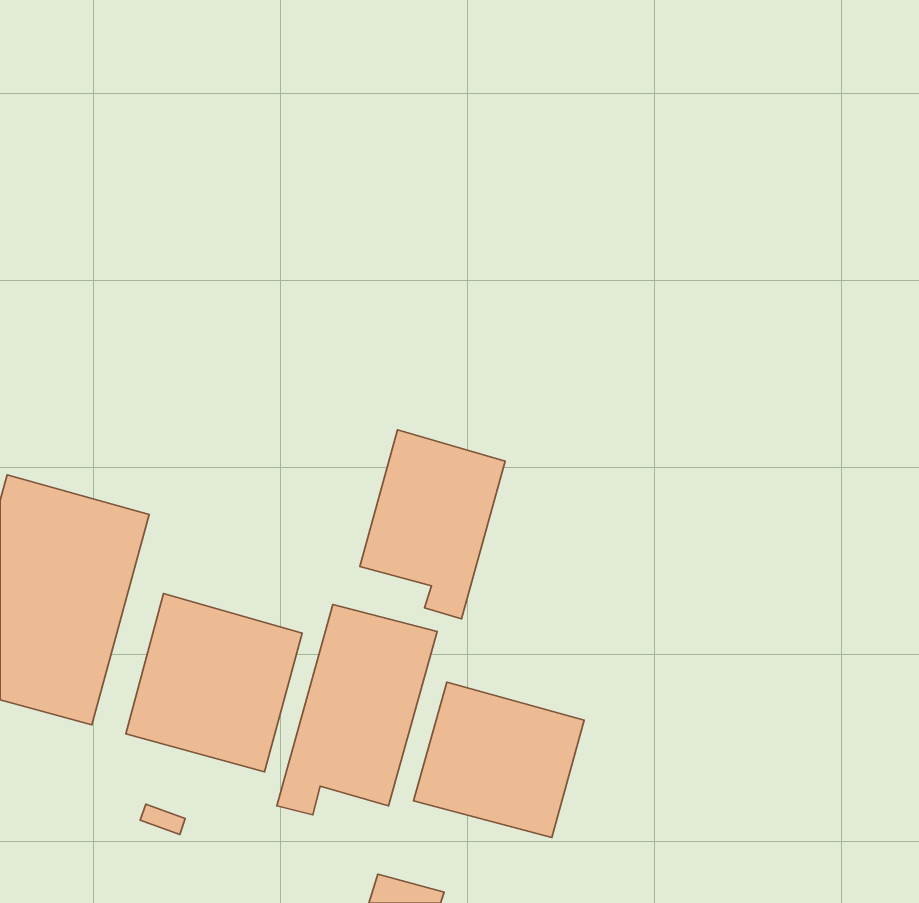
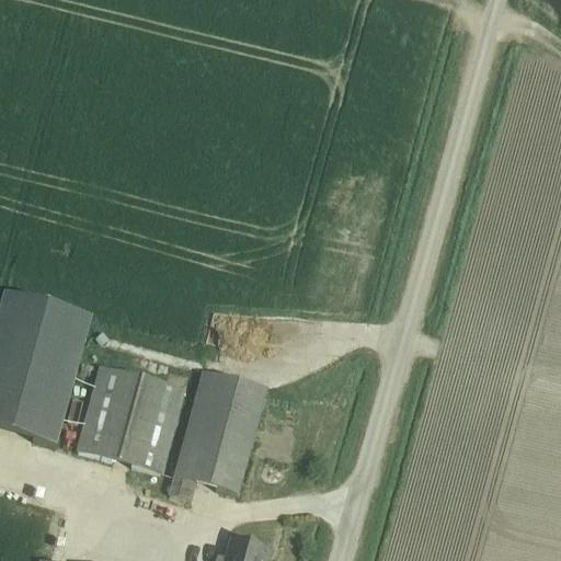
building: [360,430,505,619] -> none
building: [414,682,584,837] -> none

